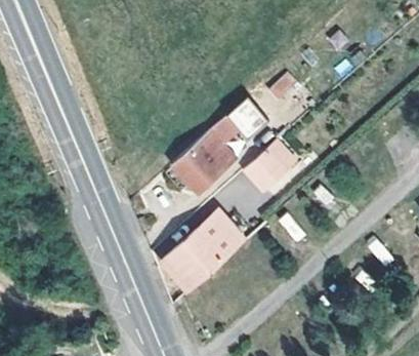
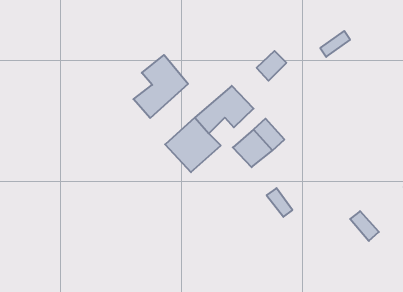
building: none -> [133,55,188,118]
building: [164,221,239,292] -> none

